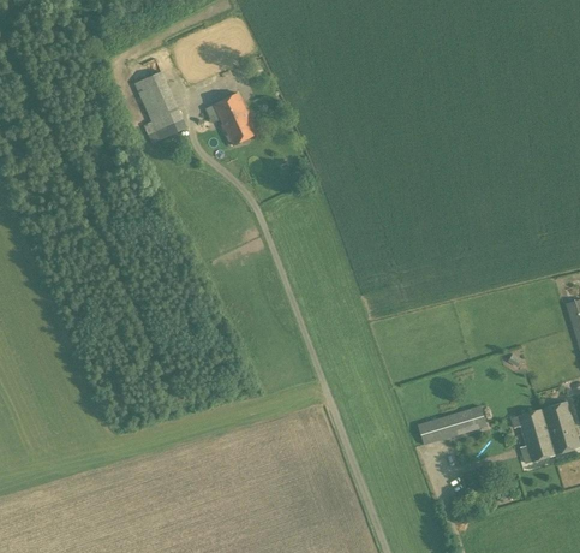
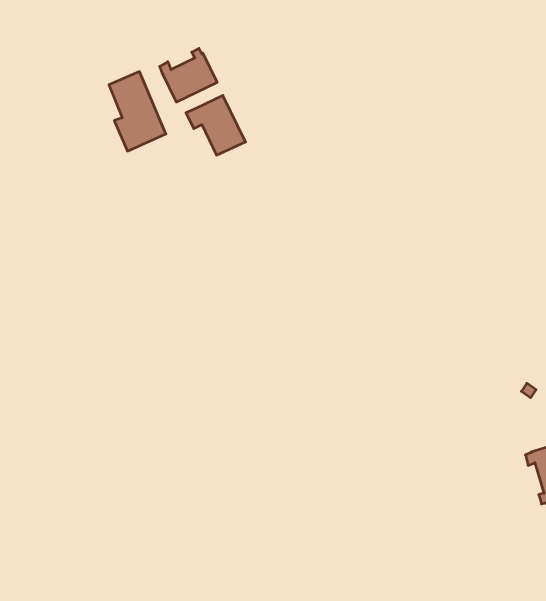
building: none -> [160,48,217,102]
building: [418,405,486,445] -> none

